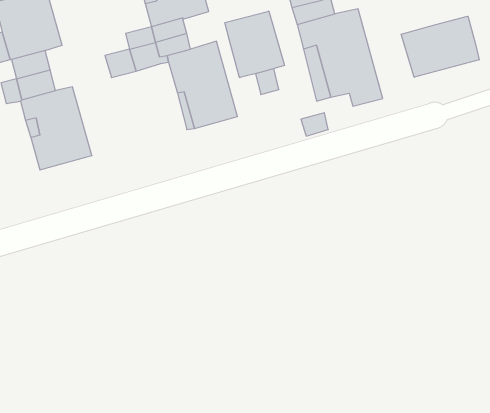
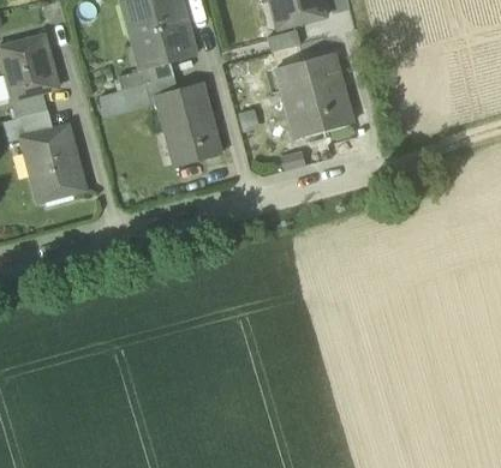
building: [225,11,285,78] -> none
building: [401,16,479,77] -> none

